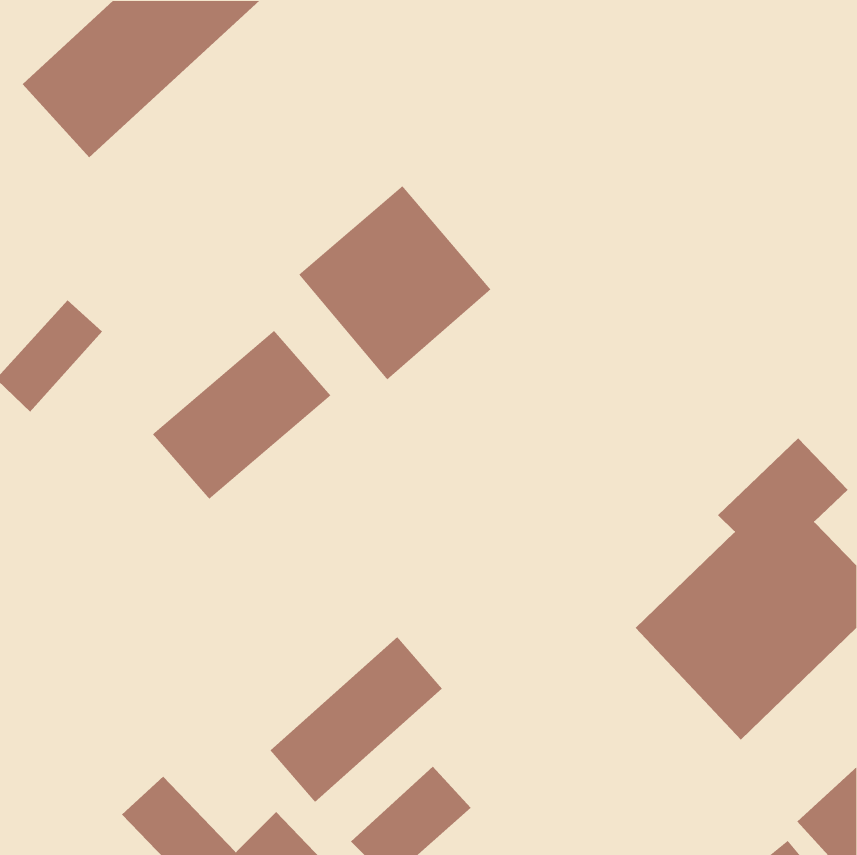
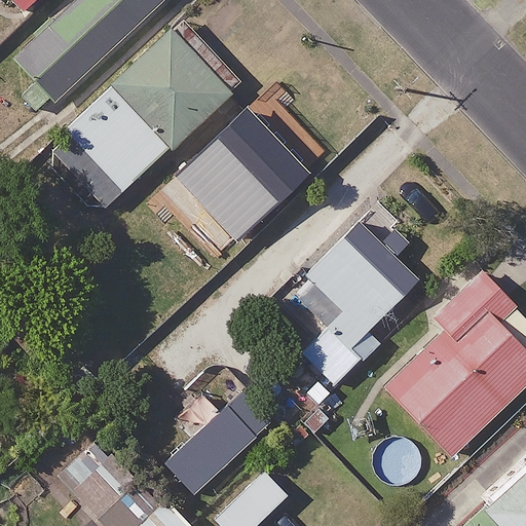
building: none -> [50,27,240,206]
building: [152,330,331,500] -> none
building: none -> [288,236,405,396]

